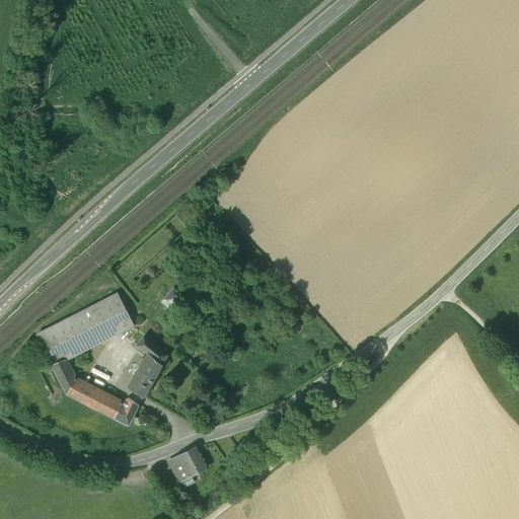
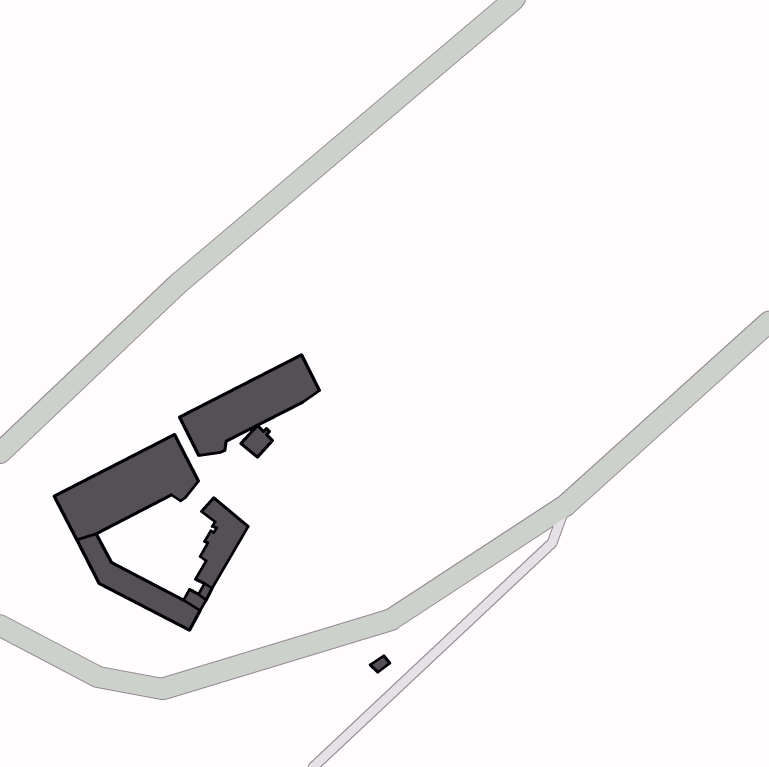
building: none -> [180,355,320,455]
building: [168,447,207,481] -> none

